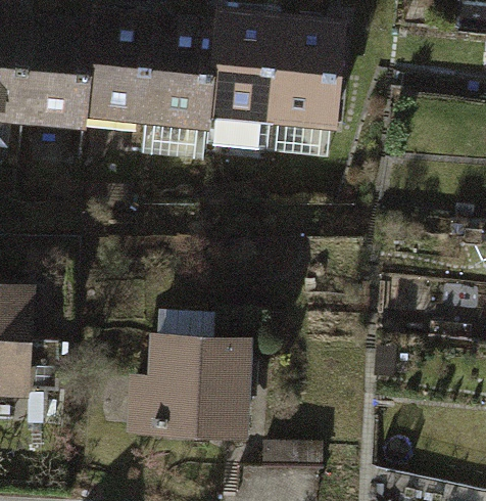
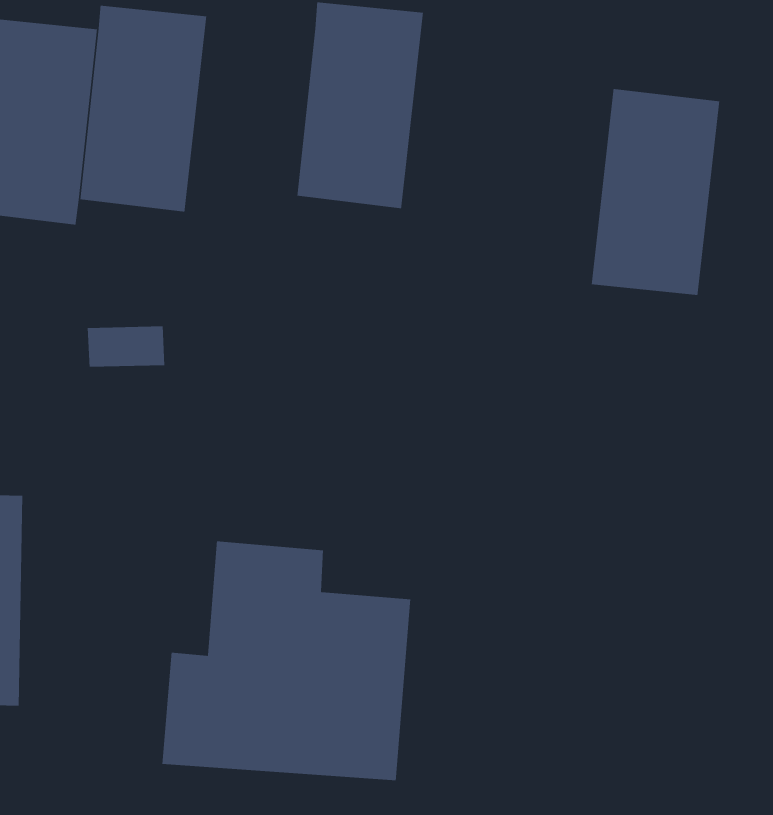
building: [254,12,327,129] -> [591,88,720,296]
building: [133,14,205,131] -> none

